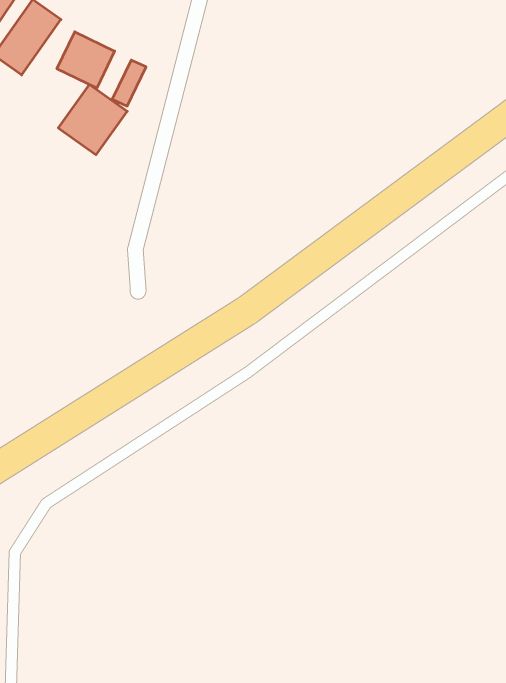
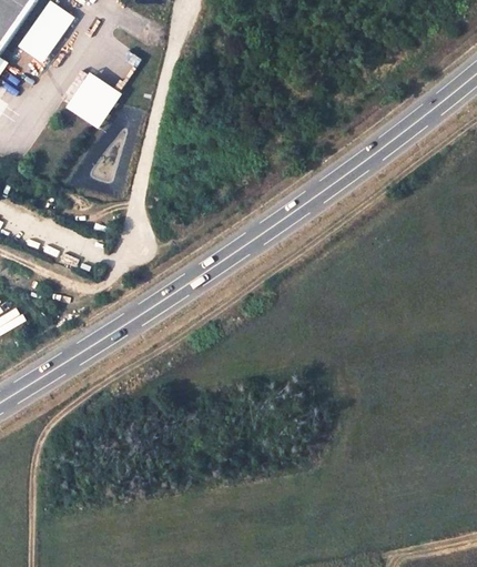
building: [57,32,115,88] -> none

